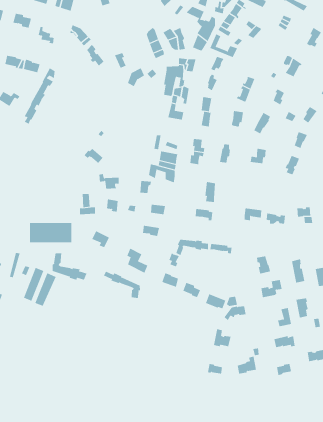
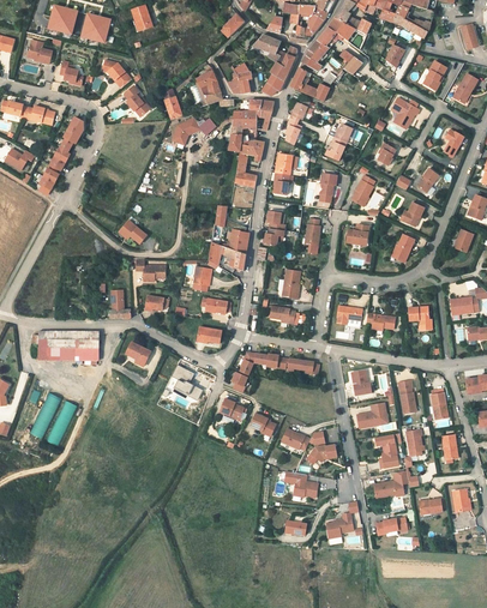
building: [52,252,87,280] -> none
building: [103,271,140,299] -> none

